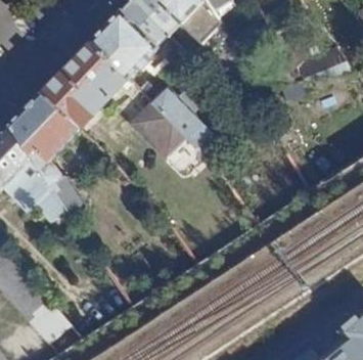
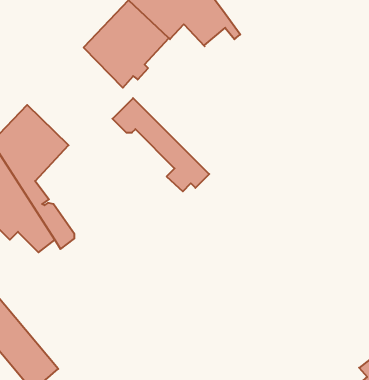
building: [40,43,125,130] -> none
building: [148,84,220,155] -> none

